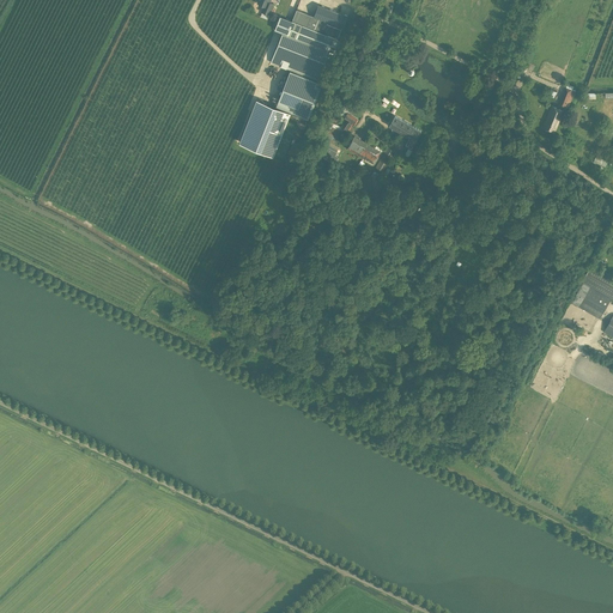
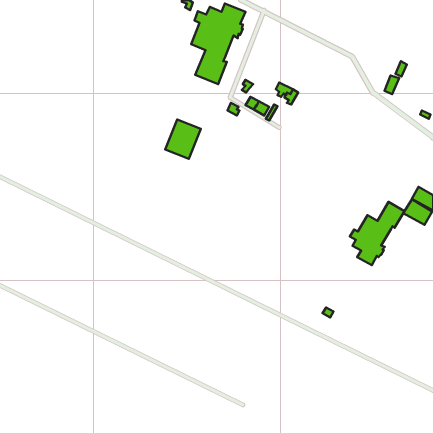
building: [239,101,290,156] -> [165,120,201,159]
building: none -> [350,202,405,265]

